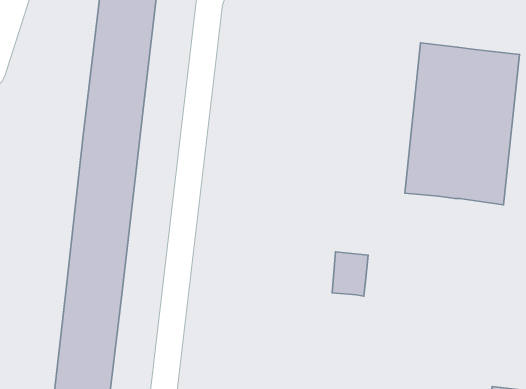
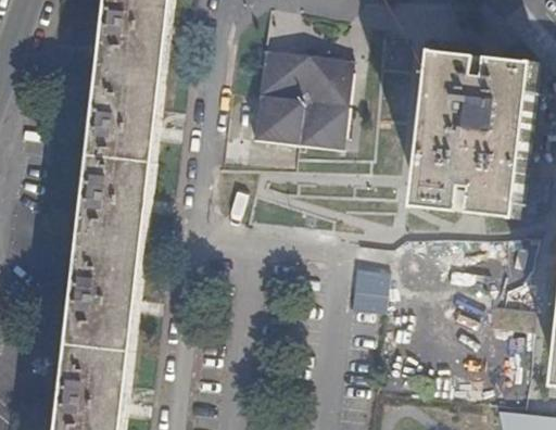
building: none -> [248,50,348,149]

